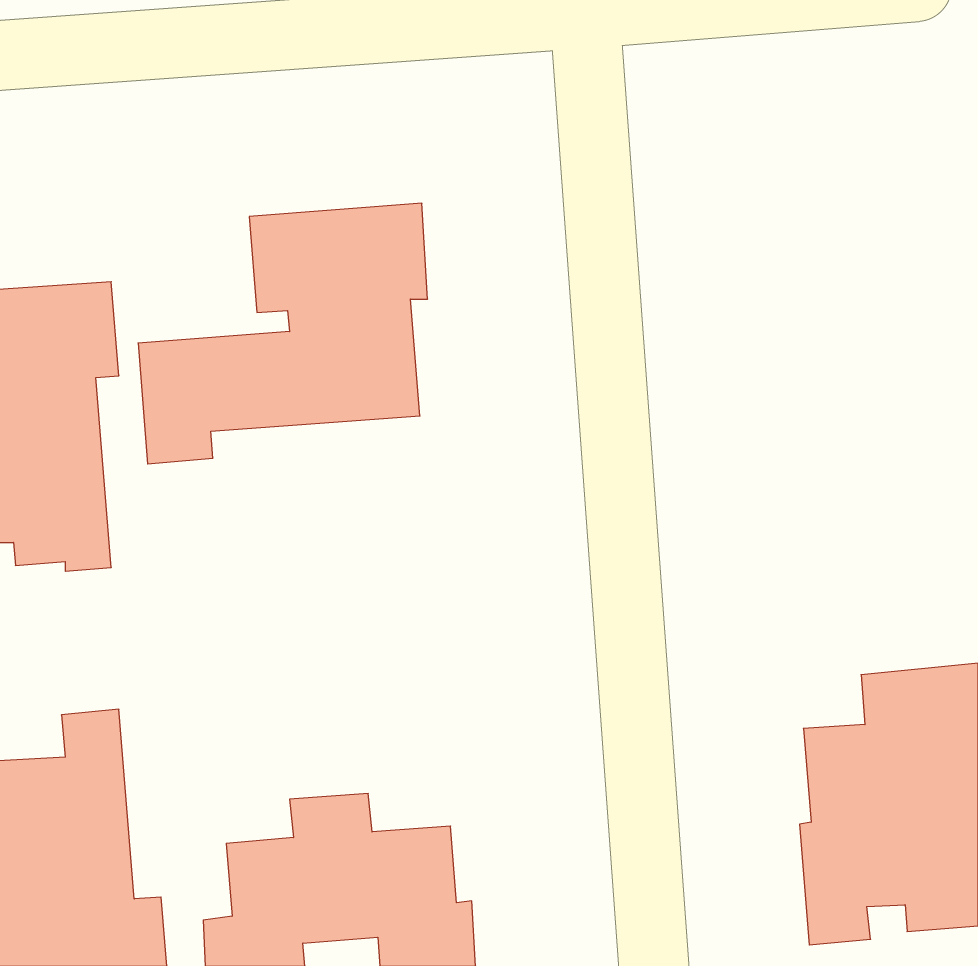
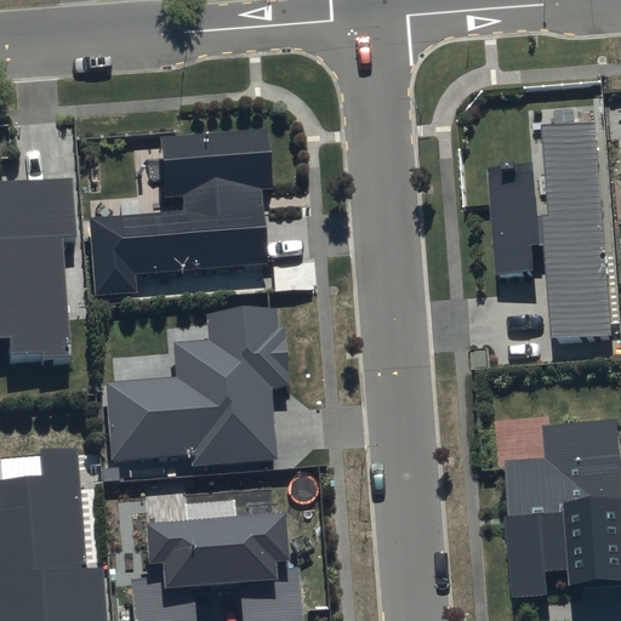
building: none -> [489,121,614,338]
building: none -> [101,310,287,466]

